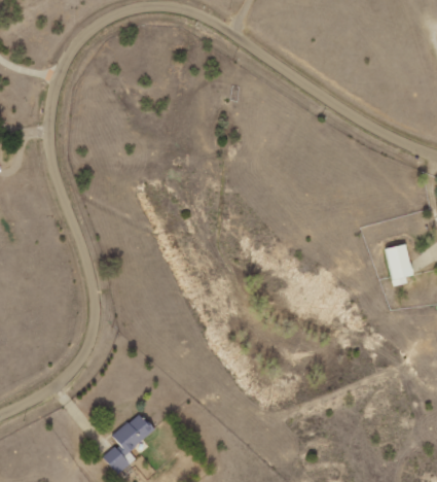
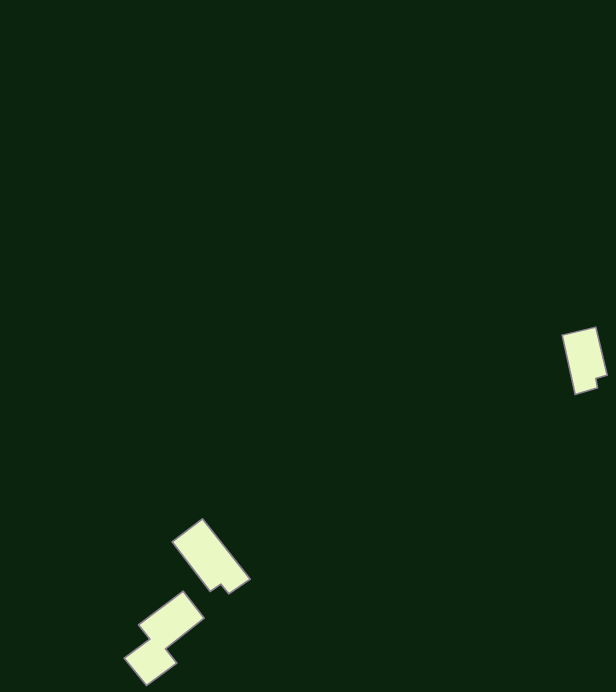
building: none -> [172,519,250,594]

